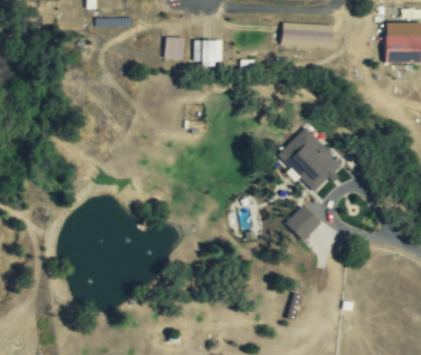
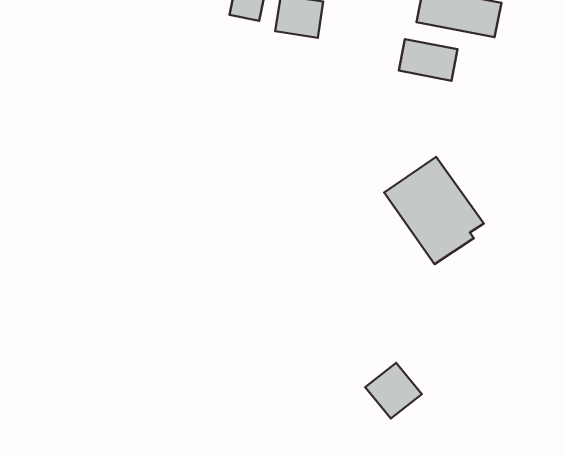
building: none -> [399,39,458,81]
building: [285,205,321,240] -> [365,363,422,418]

